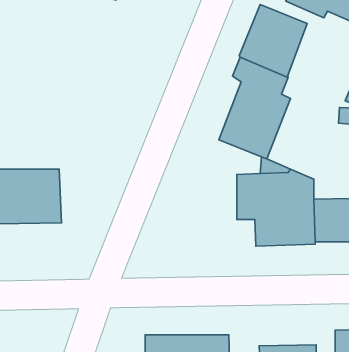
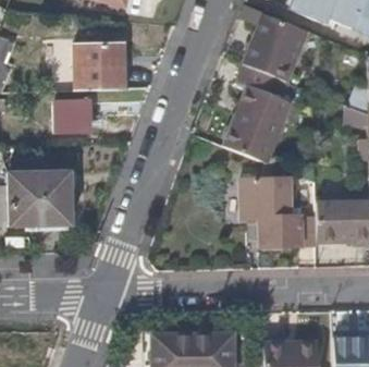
building: none -> [74,44,125,90]
building: none -> [58,99,89,133]

